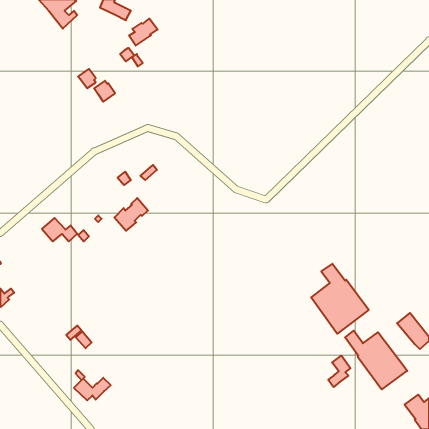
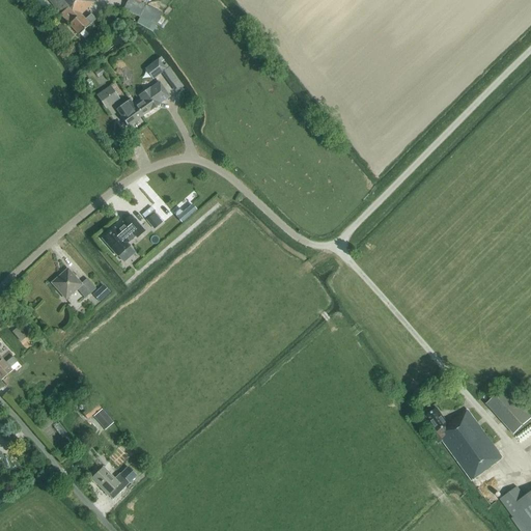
building: [129,19,158,46] -> [134,82,169,115]
building: [114,198,148,231] -> [103,215,144,255]
building: [311,264,369,334] -> none
building: [328,356,350,387] -> none

